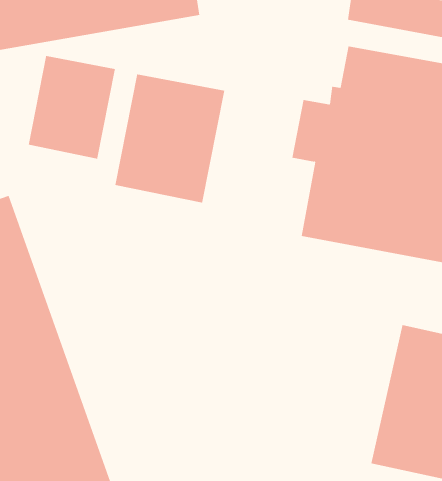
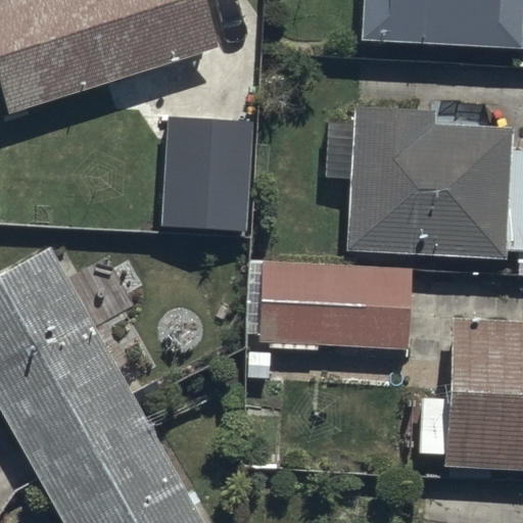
building: [28,55,115,160] -> none
building: none -> [244,262,409,350]

